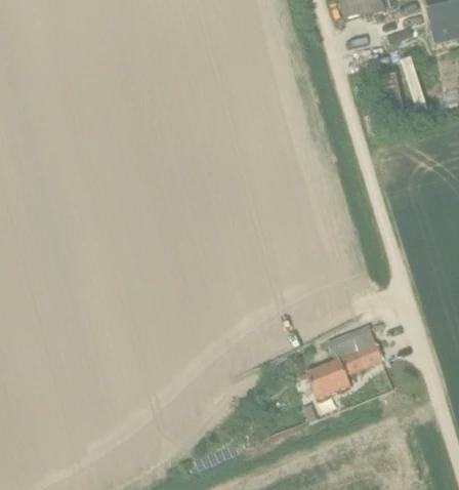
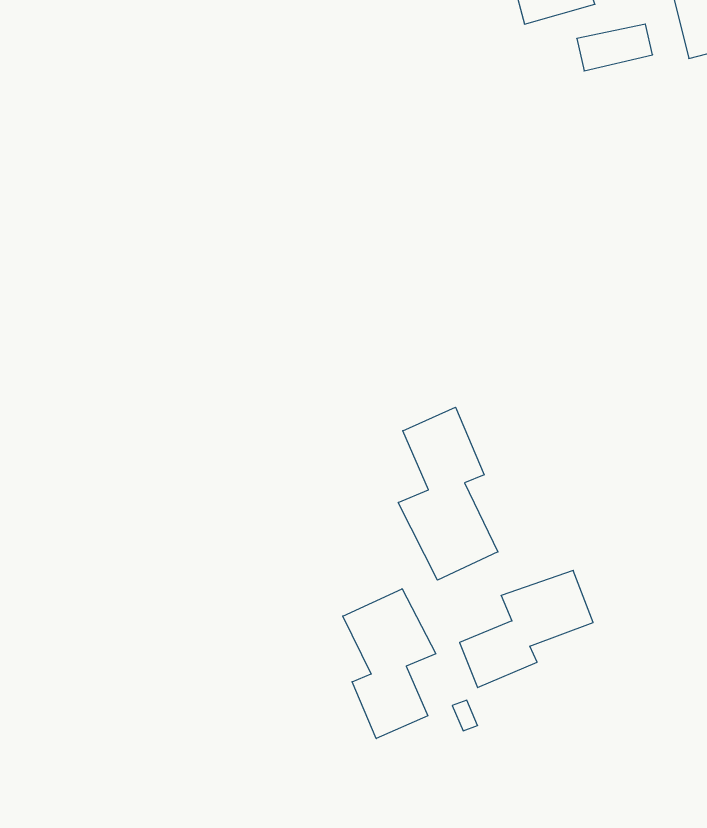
building: none -> [398,407,498,580]
building: none -> [343,589,436,739]

